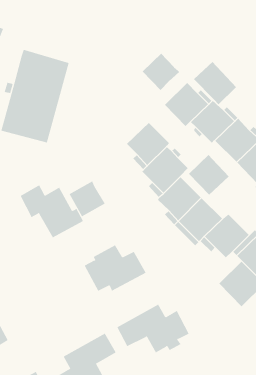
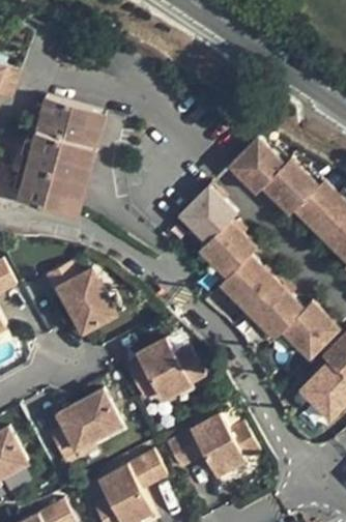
building: [142,53,180,91] -> none
building: [193,61,237,105] -> none
building: [188,154,229,195] -> none
building: [69,181,106,217] -> none
building: none -> [49,393,123,463]

